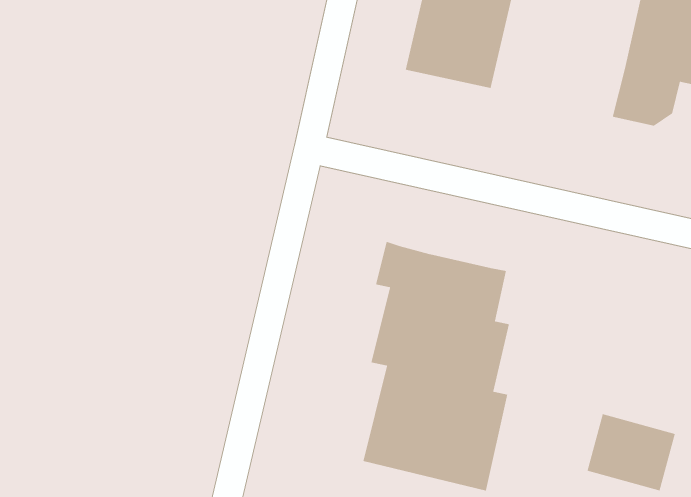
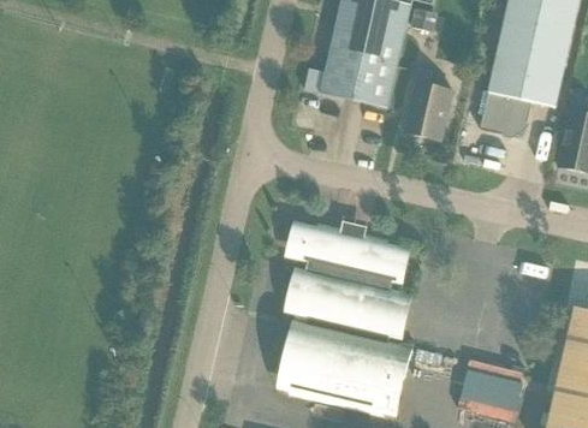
building: none -> [404,65,453,139]

